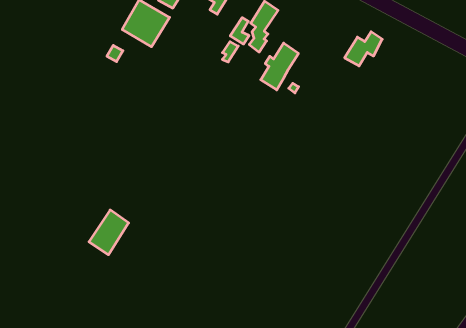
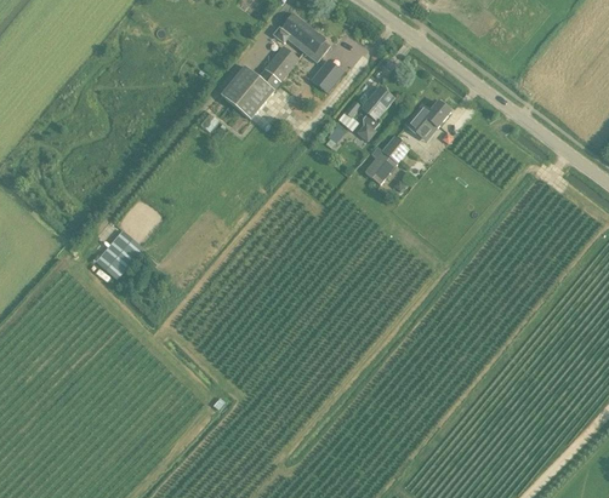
building: [345,32,382,66] -> [405,101,449,136]
building: [89,210,129,255] -> [95,229,141,277]

